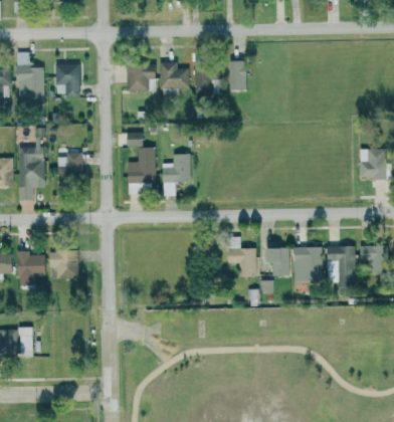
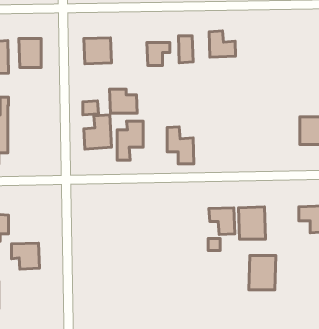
building: none -> [209,31,235,57]
building: [159,62,189,88] -> [109,89,137,113]
building: [57,154,82,179] -> none
building: [227,236,256,276] -> [167,127,194,164]
building: [326,246,355,283] -> [249,255,276,290]
building: [48,250,78,278] -> [12,243,39,269]

